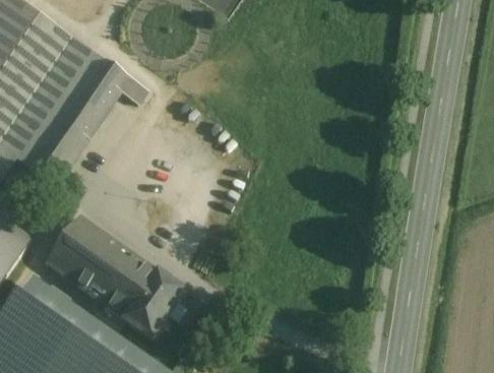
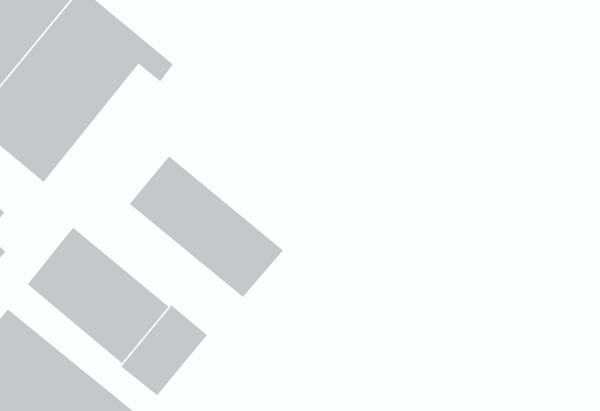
building: none -> [129,155,284,298]

